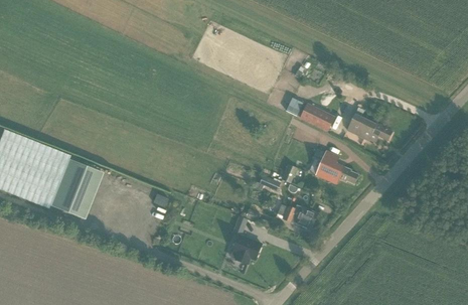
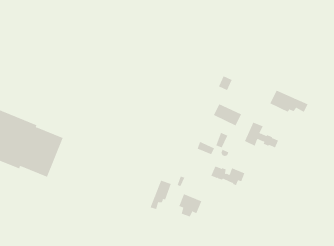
building: [300,103,334,130] -> [213,103,242,126]
building: none -> [150,180,172,210]

